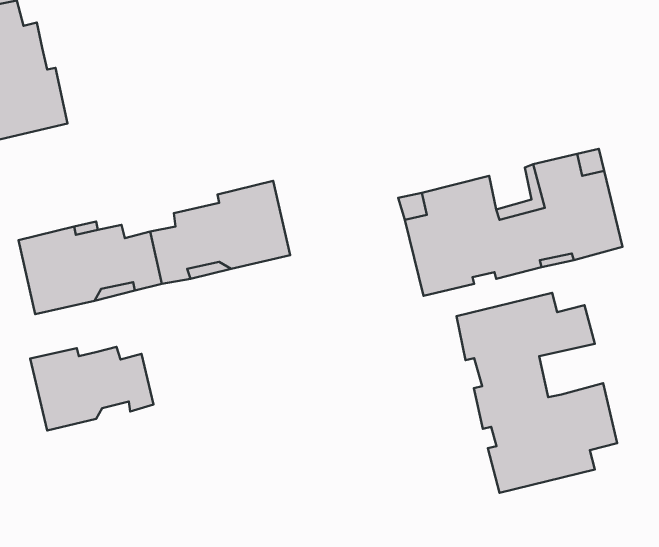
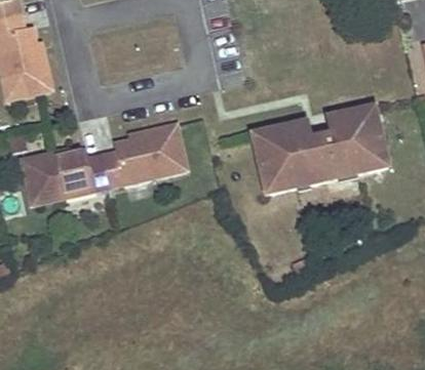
building: [457,293,617,493] -> none
building: [30,347,153,431] -> none

